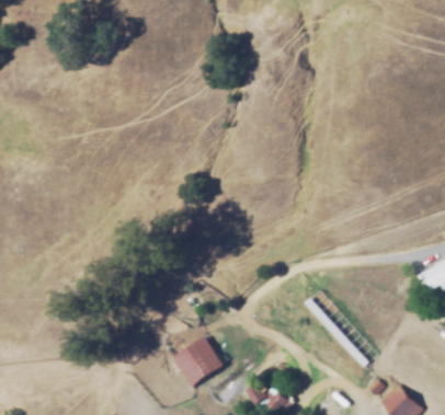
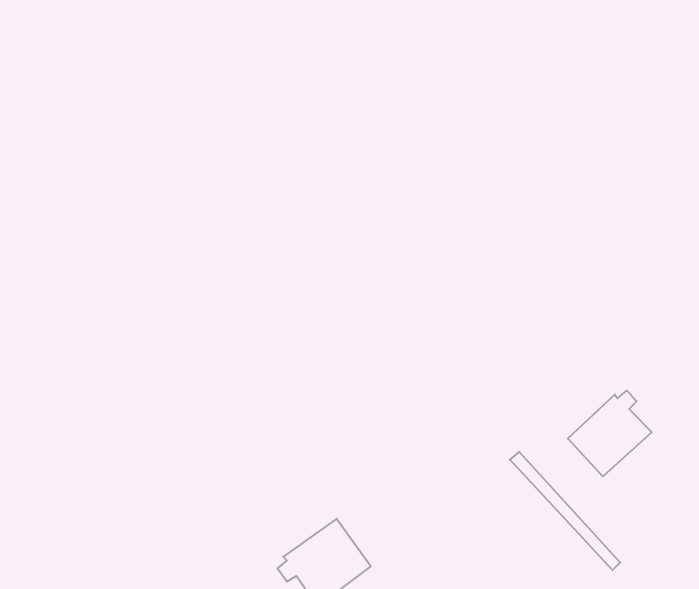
building: none -> [568,391,652,476]

